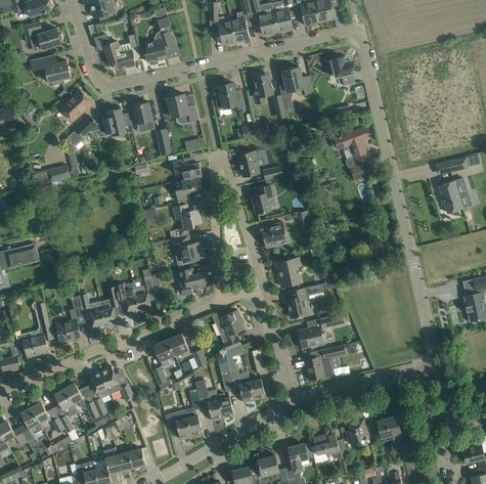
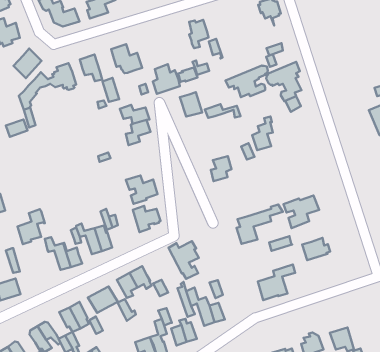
building: [281,67,312,96] -> none
building: [215,82,244,113] -> [153,64,180,94]
building: none -> [226,65,268,97]
building: [251,178,273,213] -> [252,117,273,150]
building: [170,205,200,238] -> none
building: [275,257,300,287] -> none
building: none -> [283,196,319,228]
building: [55,307,85,343] -> [17,209,45,244]
building: [297,325,326,348] -> [302,238,330,260]
building: none -> [88,286,118,313]

